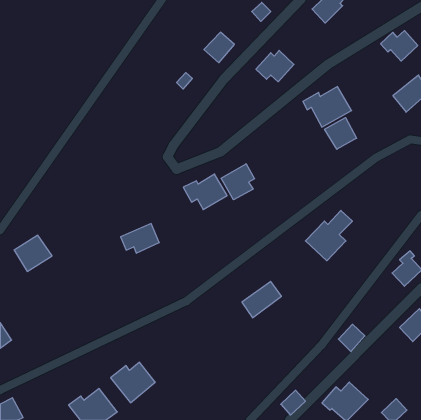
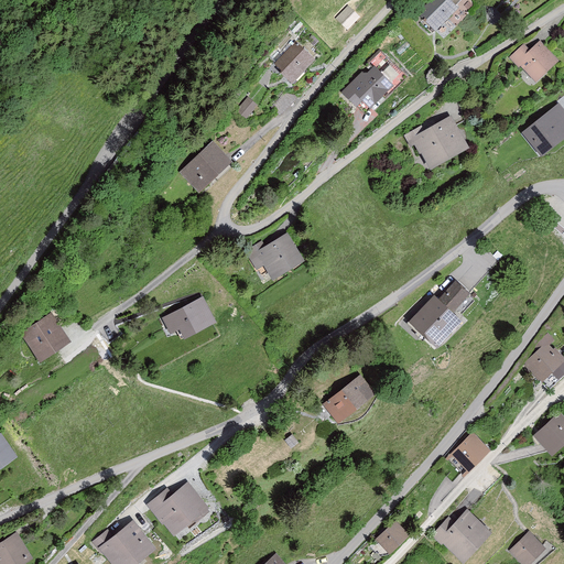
building: none -> [181,141,234,193]
building: [325,118,357,149] -> none
building: [221,164,255,200] -> none

